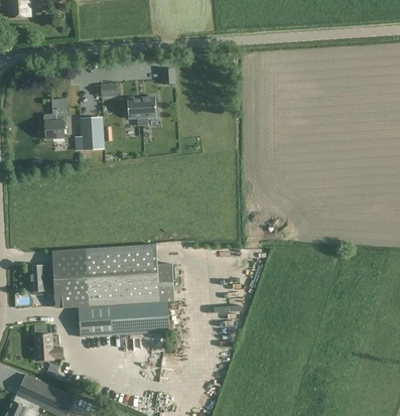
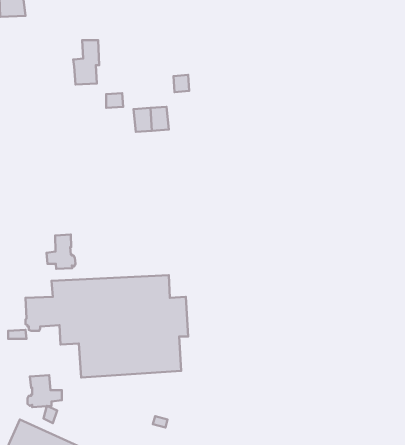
building: [43,99,66,138] -> [73,40,99,85]
building: [81,118,103,149] -> none
building: none -> [46,235,75,269]

